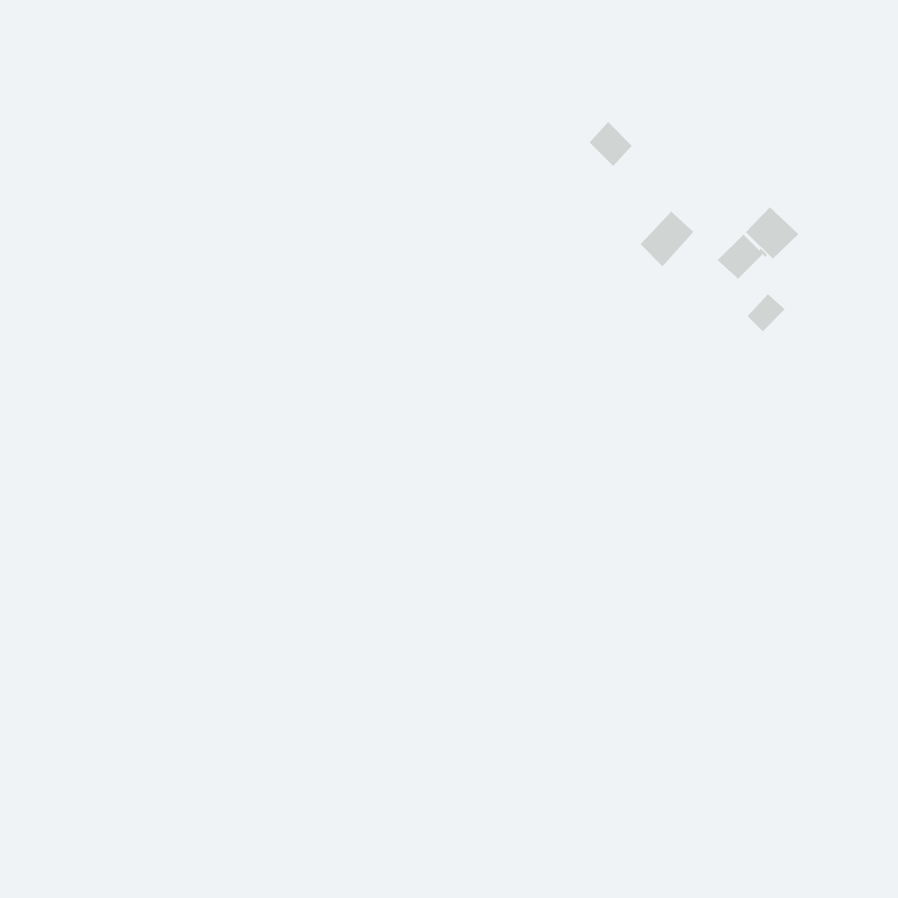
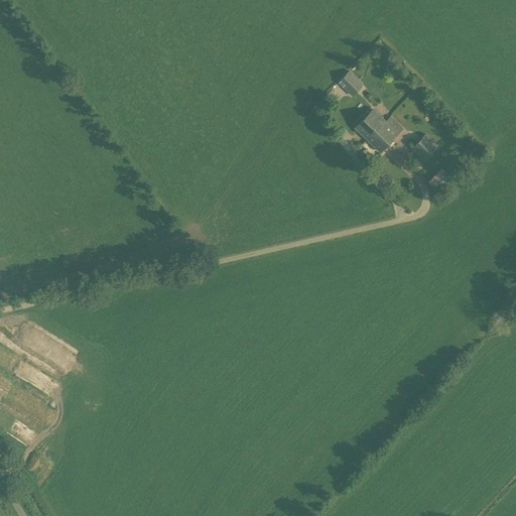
building: none -> [355,109,385,140]
building: [745,206,799,260] -> none

